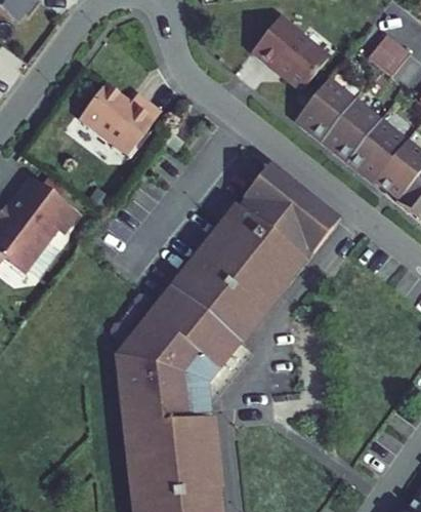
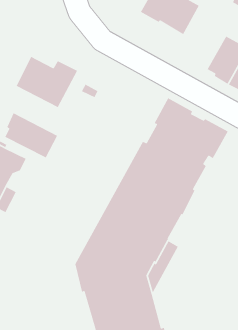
building: [296,77,354,141] -> none
building: none -> [4,112,58,159]

